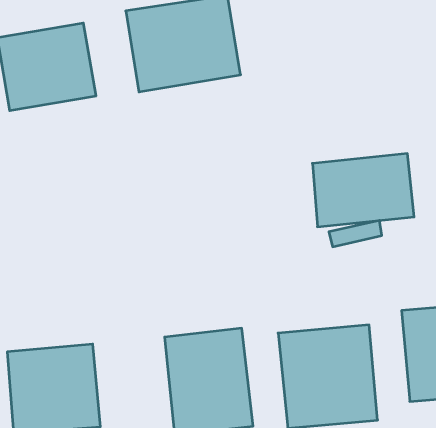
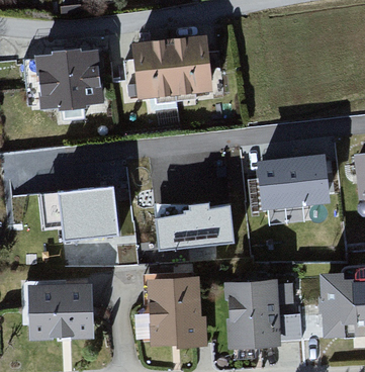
building: none -> [41,190,119,257]
building: none -> [157,202,235,251]

